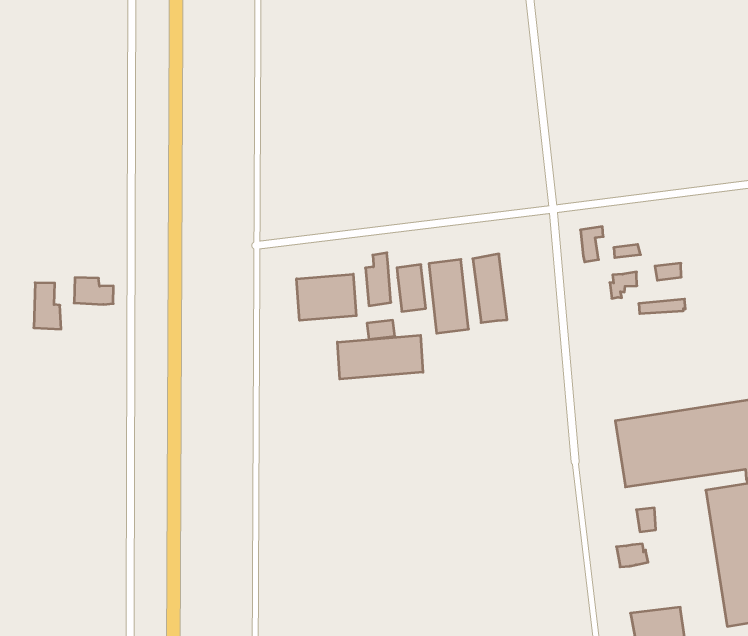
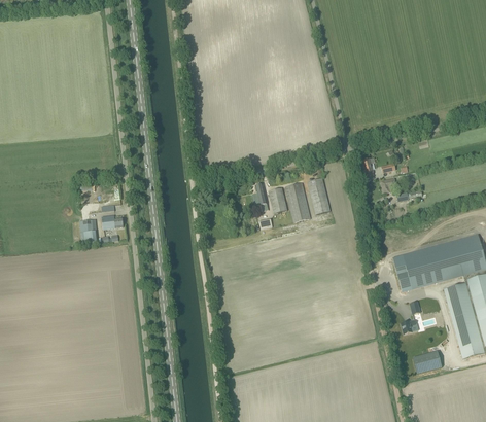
building: [297,274,356,320] -> none
building: [337,335,423,379] -> none

